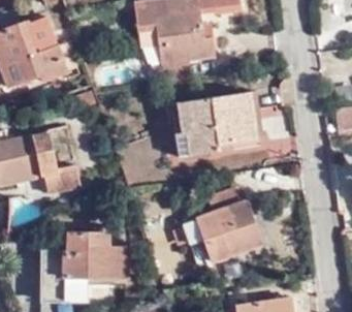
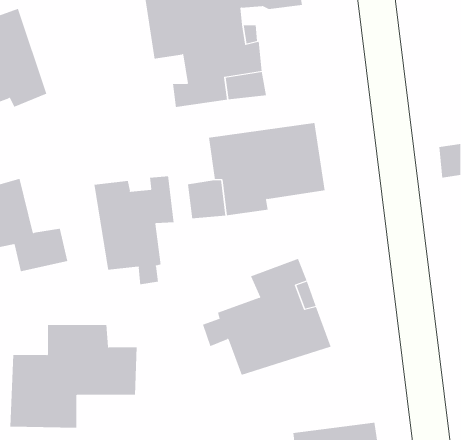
building: none -> [94,176,174,285]

